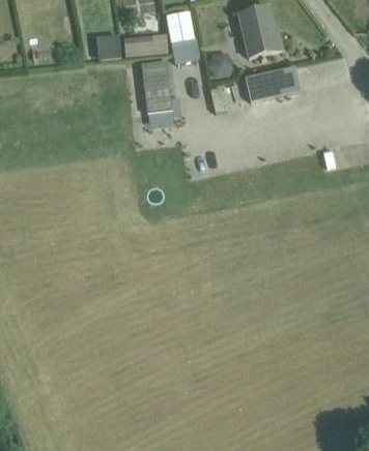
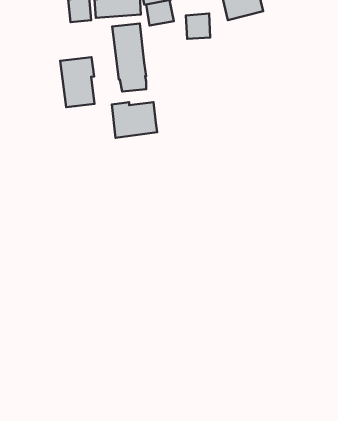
building: [247,68,302,103] -> none
building: none -> [60,57,95,107]
building: none -> [112,102,157,138]

